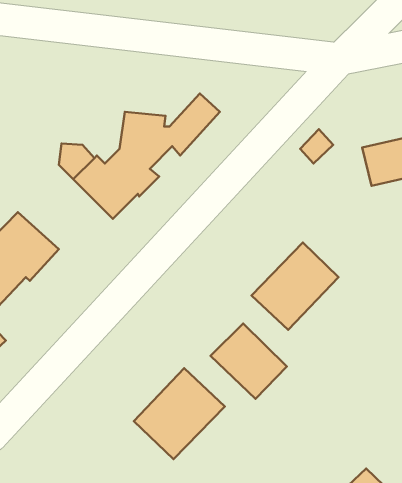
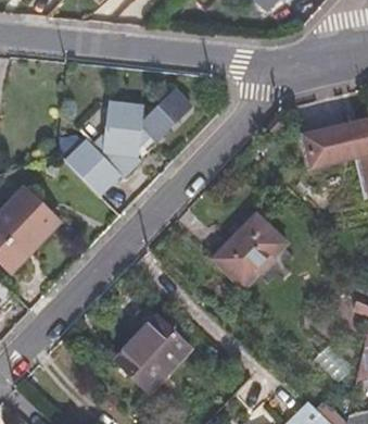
building: [211,323,287,399] -> none

